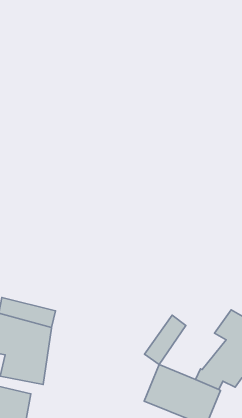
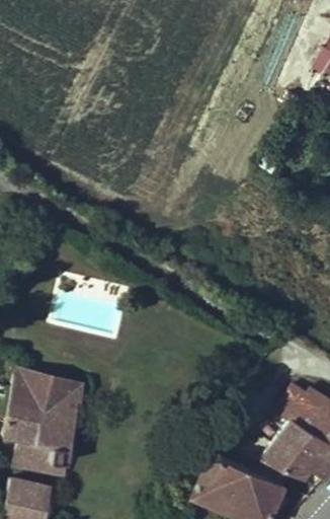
building: [144,315,186,365] -> none

